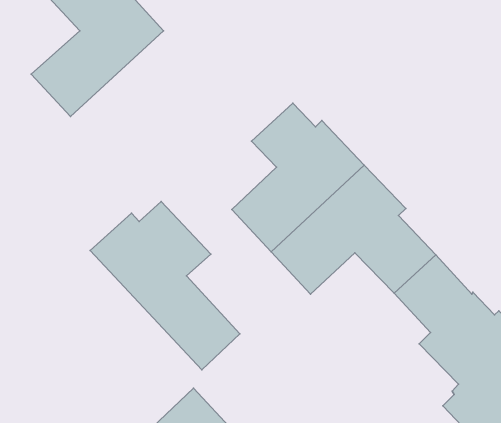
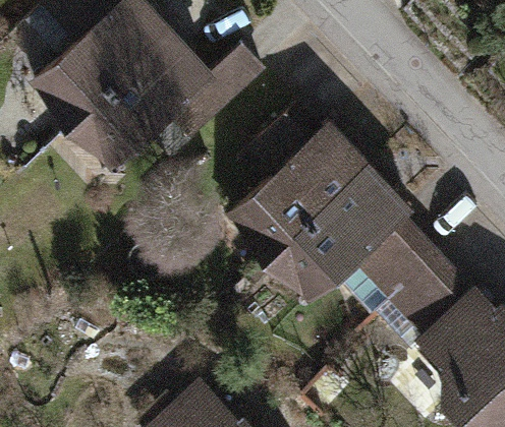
building: none -> [79,36,262,162]
building: [90,202,240,370] -> none

